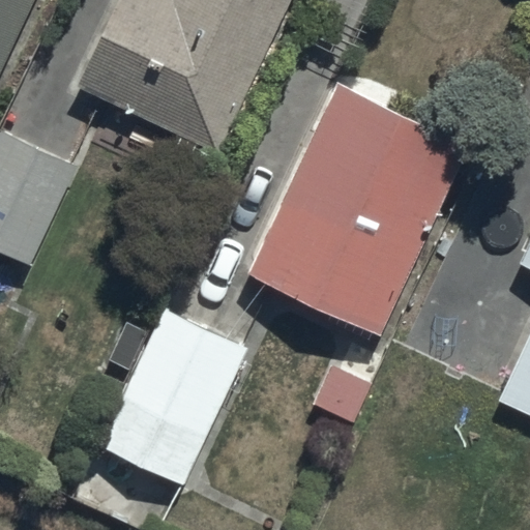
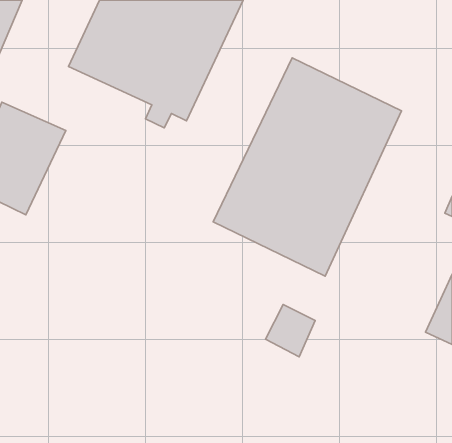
building: [78,307,247,502] -> none

